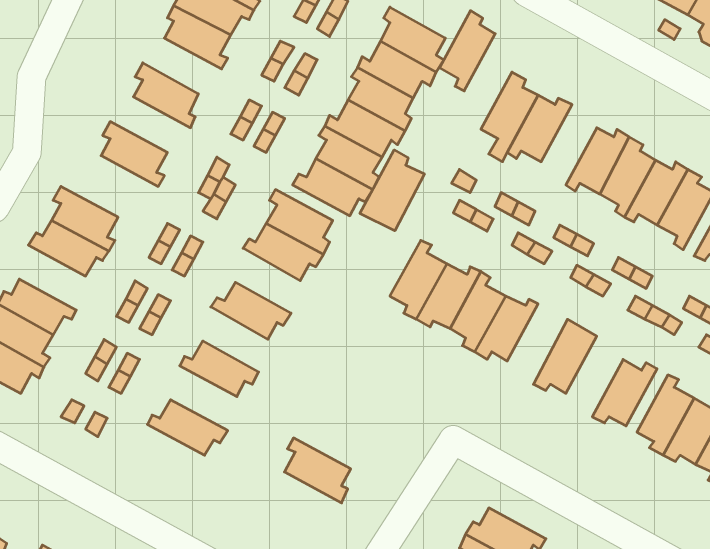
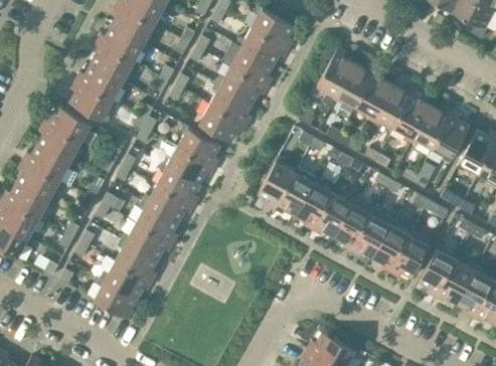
building: [440,11,495,91] -> [356,69,392,122]
building: none -> [97,26,148,62]
building: none -> [75,64,128,101]
building: [360,150,424,231] -> none
building: none -> [43,106,96,143]
building: none -> [16,161,59,203]
building: none -> [157,163,199,205]
building: none -> [334,199,373,251]
building: none -> [136,201,178,243]
building: none -> [372,220,409,272]
building: none -> [94,278,137,320]
building: [284,438,351,503] -> [115,239,158,282]

